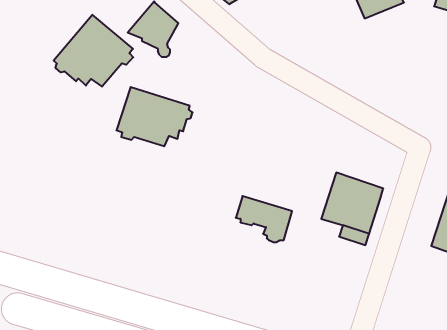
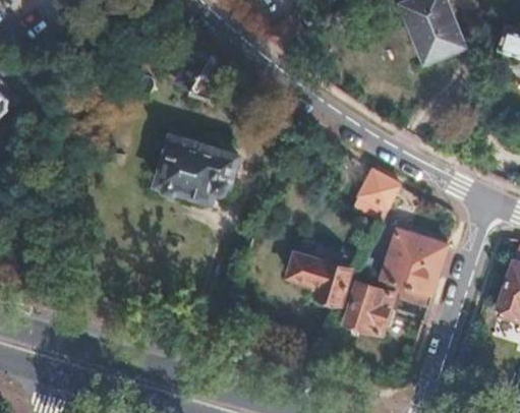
building: [54,15,133,87] -> none
building: none -> [354,172,400,222]
building: none -> [346,282,394,335]

